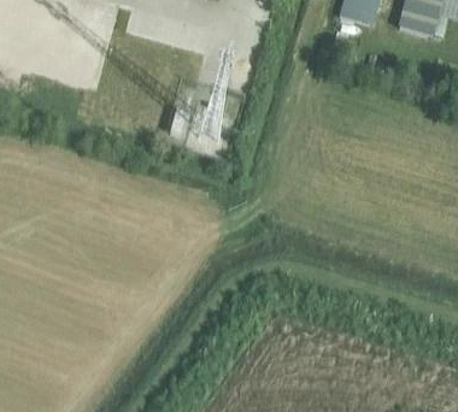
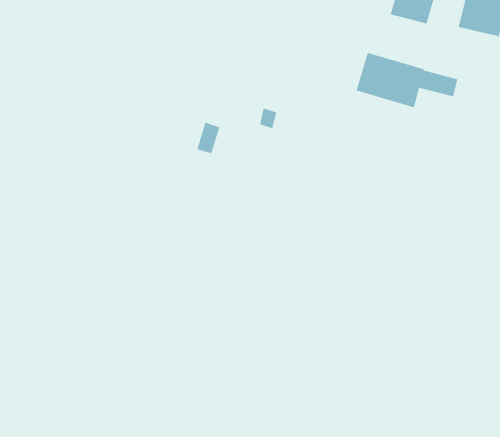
building: none -> [356,52,458,108]

